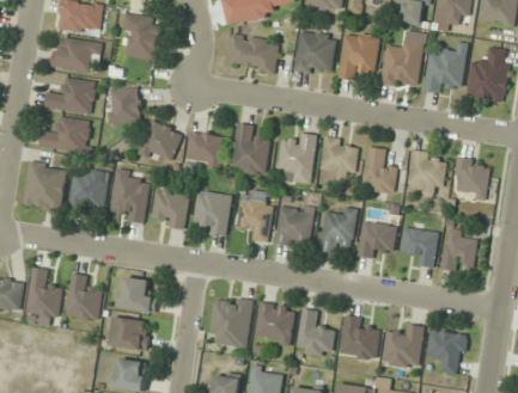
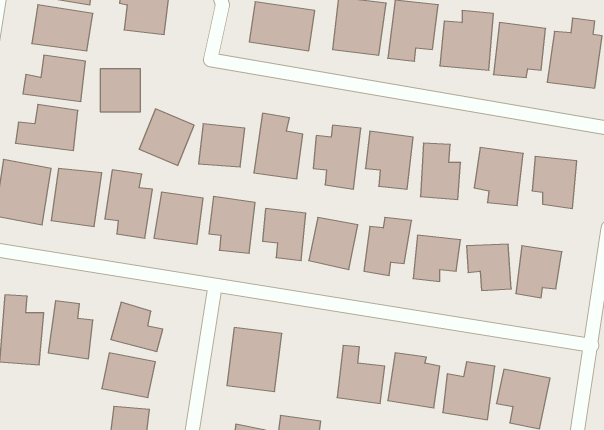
building: [254,302,295,344] -> none

